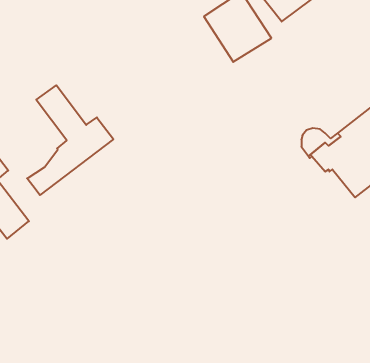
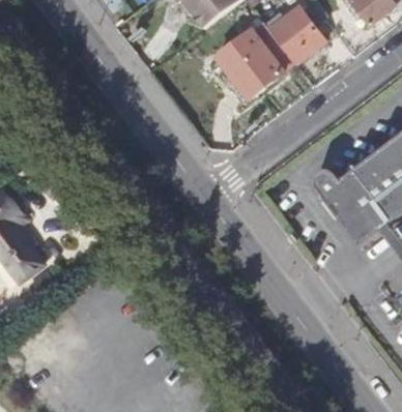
building: [27,85,113,195] -> none

